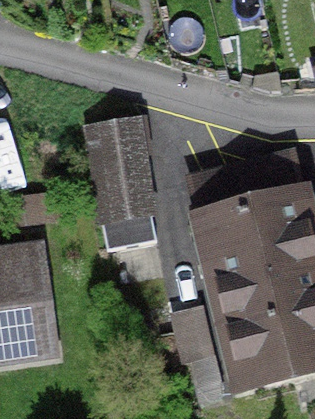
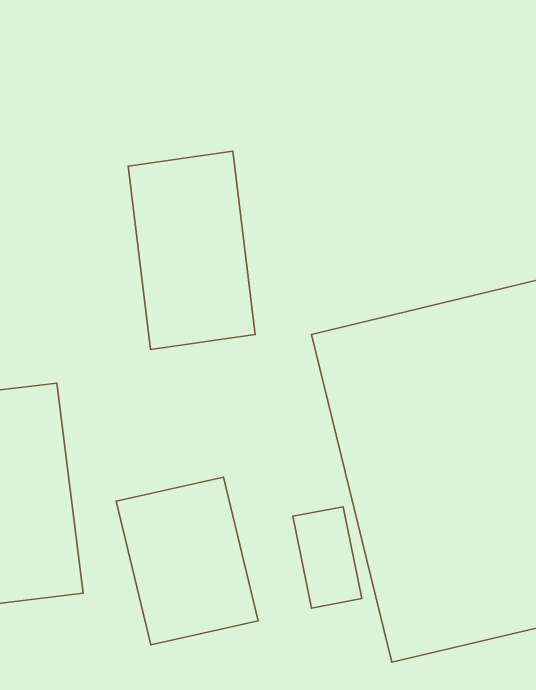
building: none -> [116,477,258,645]

